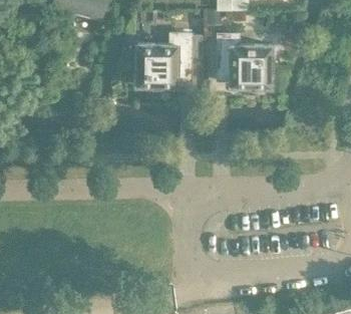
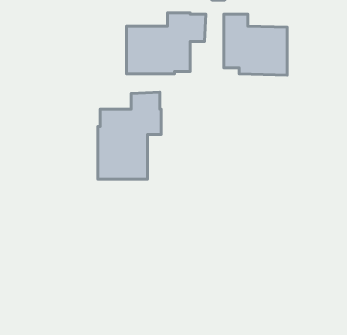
building: none -> [98,92,161,179]

